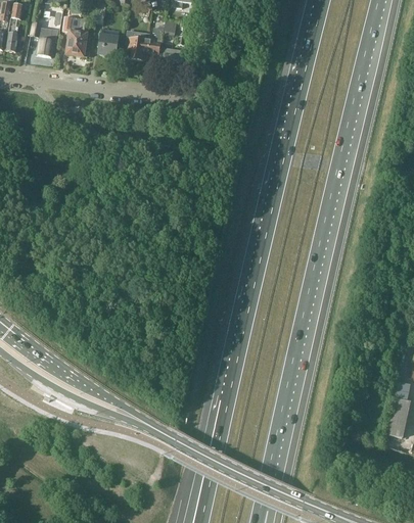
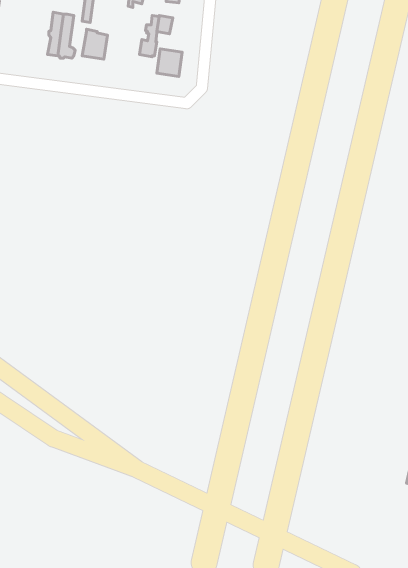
building: [33,22,59,56] -> none
building: [126,30,152,60] -> none

